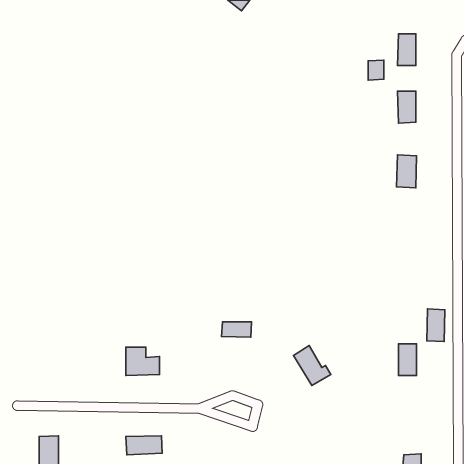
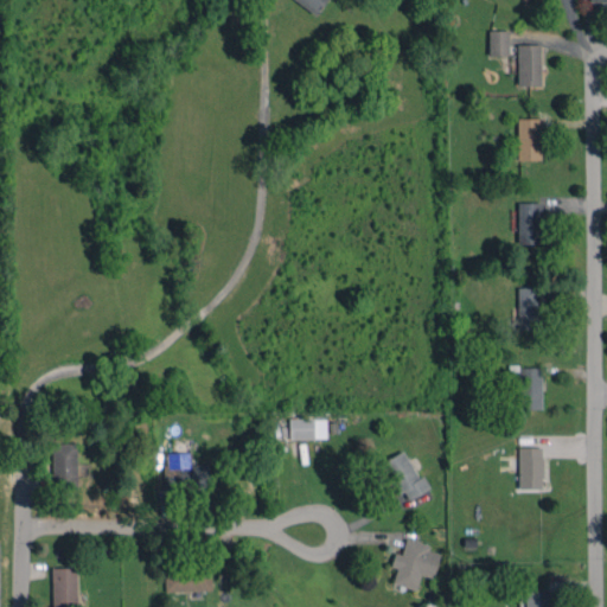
building: [368,60,384,80] -> [491,32,511,58]
building: none -> [519,289,542,328]
building: [427,309,445,342] -> [520,369,544,411]
building: none -> [53,445,79,487]
building: none -> [392,541,442,592]

